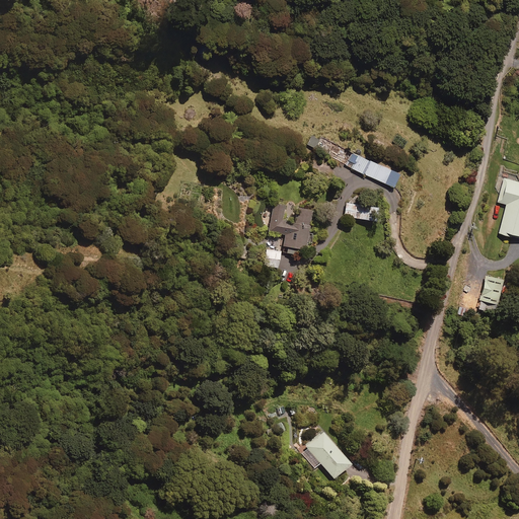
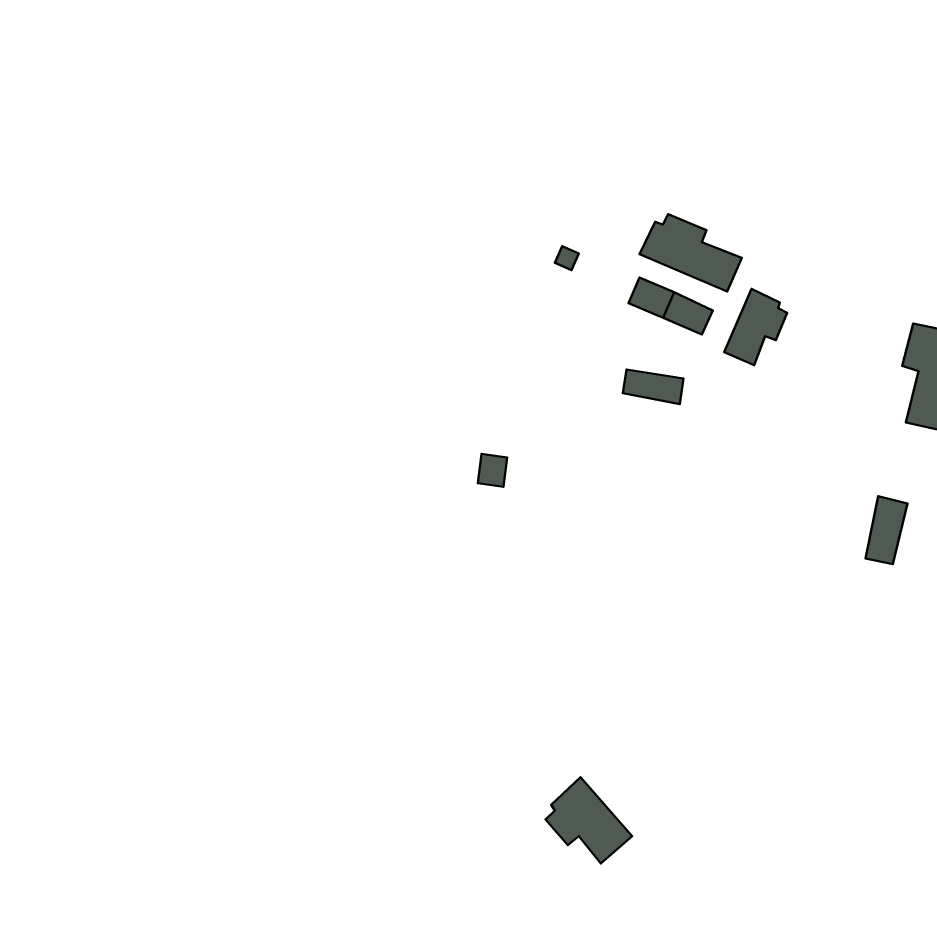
building: none -> [640,214,742,292]
building: none -> [724,289,787,365]
building: [271,203,313,249] -> none

